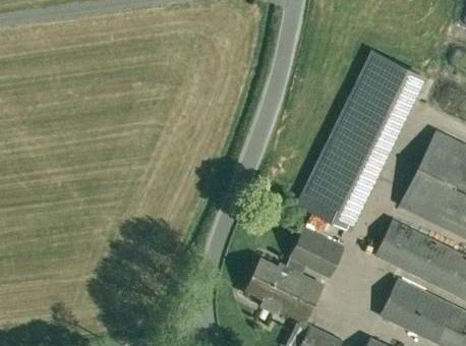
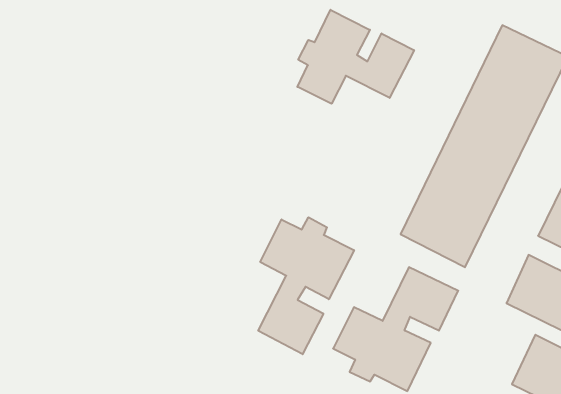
building: none -> [297,10,414,104]
building: none -> [258,217,354,354]

